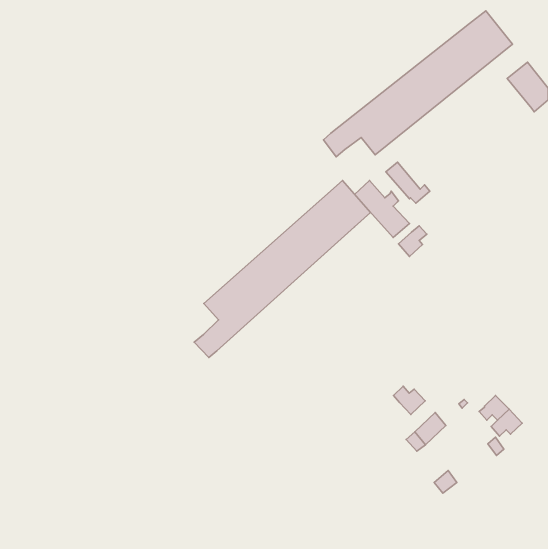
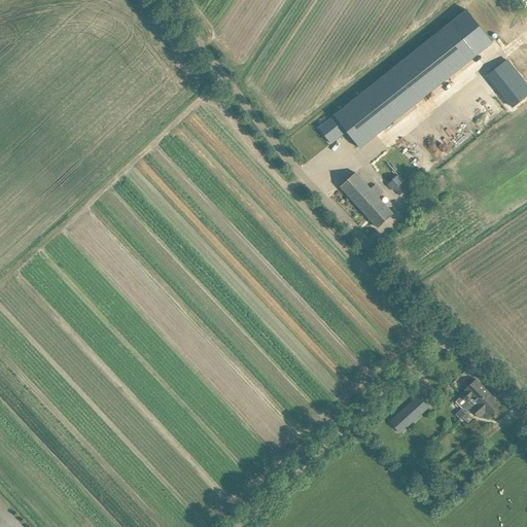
building: [194,181,371,358] -> none
building: [398,226,427,256] -> none
building: [394,386,425,414] -> none

